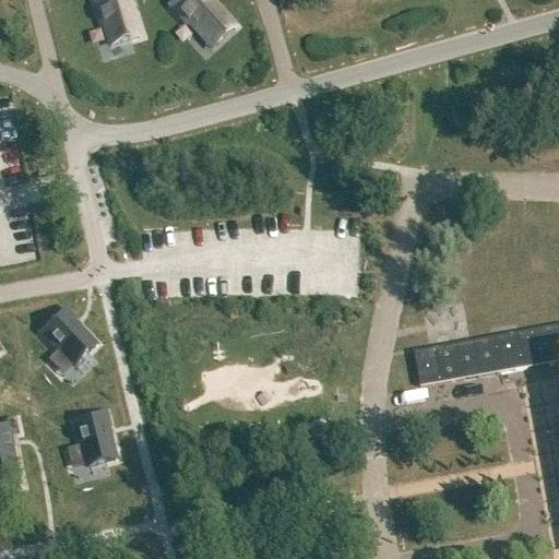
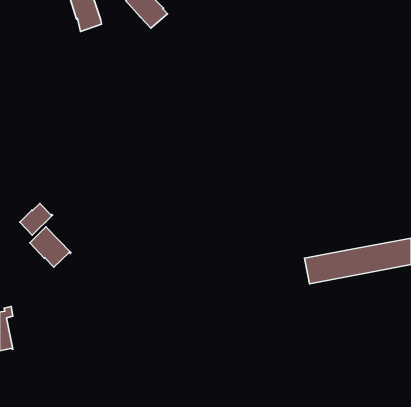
building: none -> [20,204,53,235]
building: [74,411,116,464] -> none

